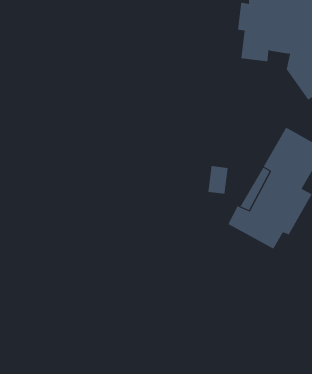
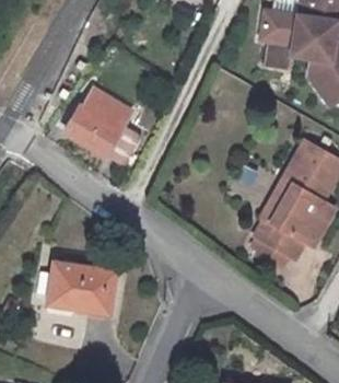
building: none -> [61,95,139,170]
building: none -> [46,264,113,313]

